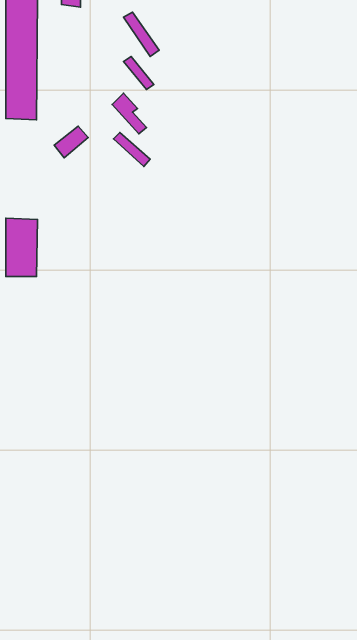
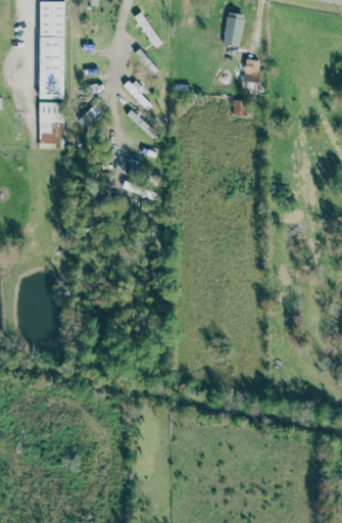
building: none -> [224,12,244,46]
building: none -> [242,59,258,93]
building: [6,218,38,276] -> [39,101,64,148]

